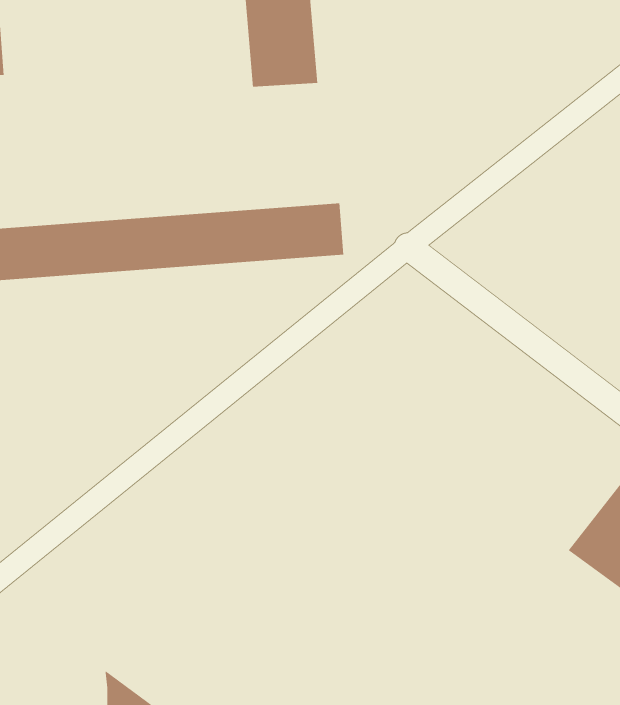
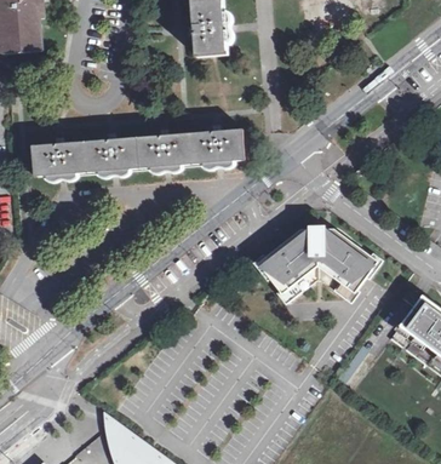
building: none -> [256,228,376,302]

